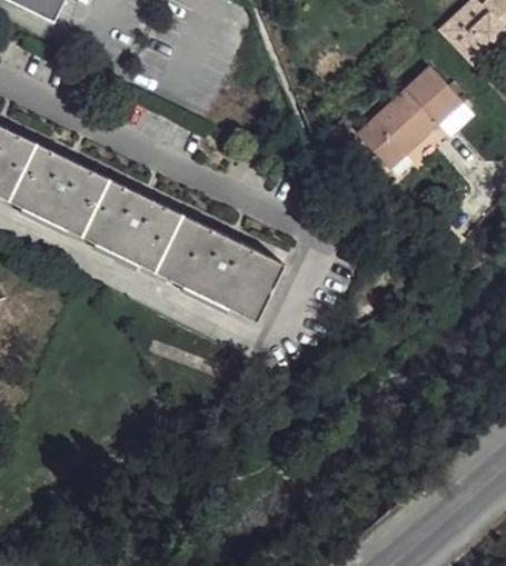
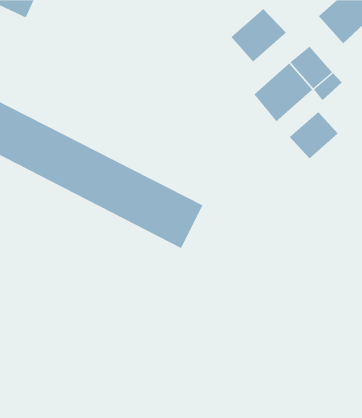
building: none -> [230,8,287,63]
building: none -> [289,111,339,159]

